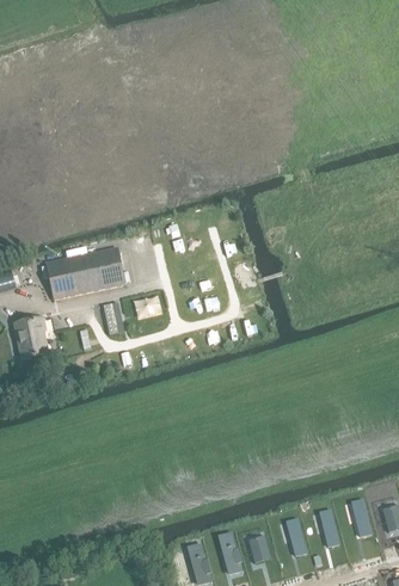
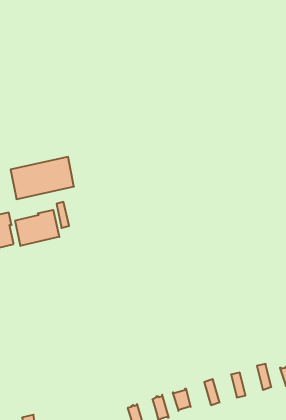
building: none -> [15,210,59,246]

